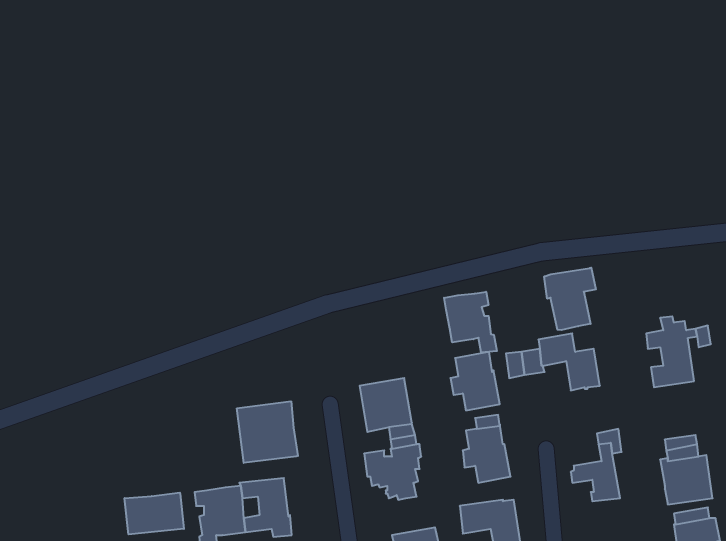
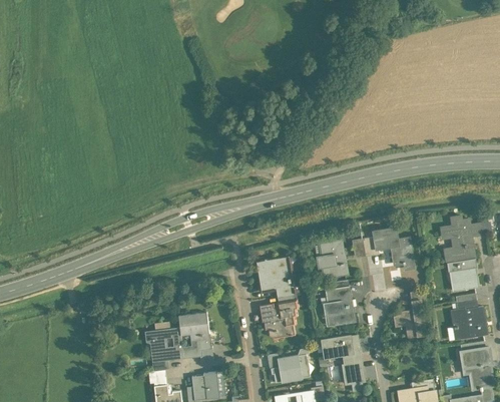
building: [544,268,596,330] -> none
building: [444,292,497,353] -> none
building: none -> [447,259,477,291]
building: [237,401,298,463] -> none
building: [125,493,184,534] -> none

